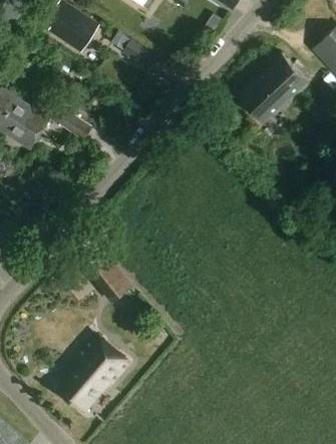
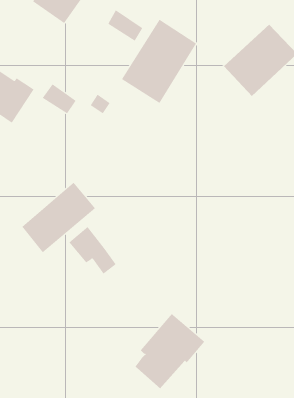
building: none -> [121,19,197,104]
building: none -> [21,182,96,253]
building: [59,336,128,410] -> [135,313,205,389]

